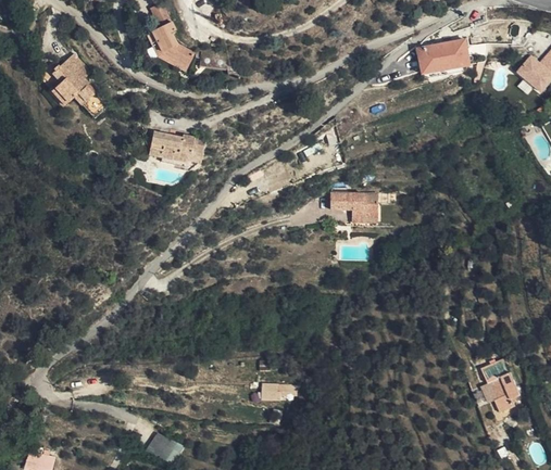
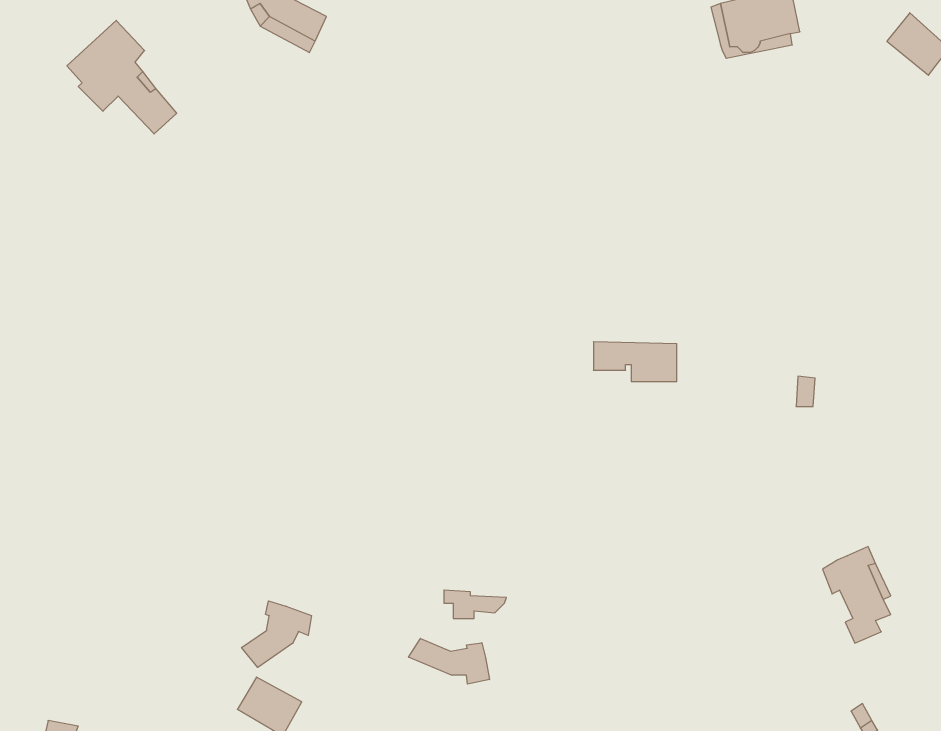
building: [154,136,210,163] -> none
building: [327,194,375,217] -> [593,342,677,382]
building: none -> [242,601,311,667]
building: none -> [409,638,489,684]

